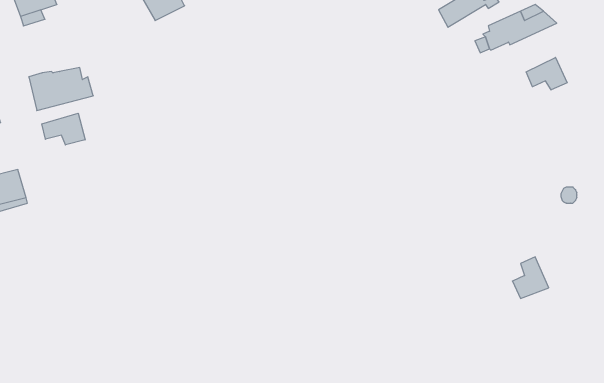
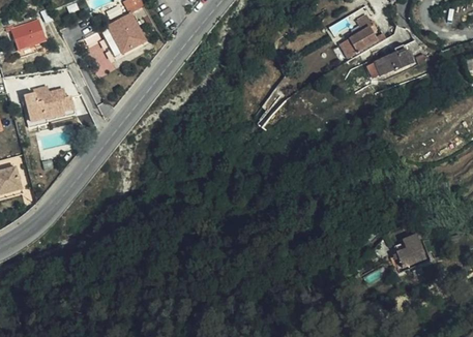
building: [526,57,567,90] -> none
building: [42,113,85,145] -> none

